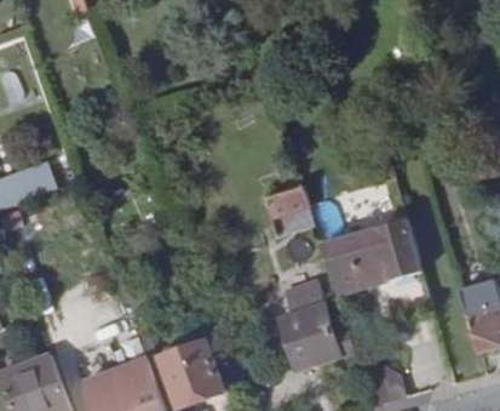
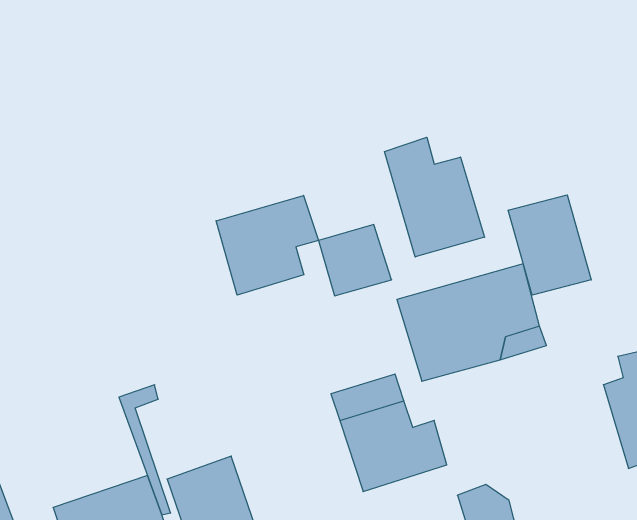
building: none -> [385,137,485,257]
building: none -> [508,195,591,295]
building: none -> [216,195,318,295]

